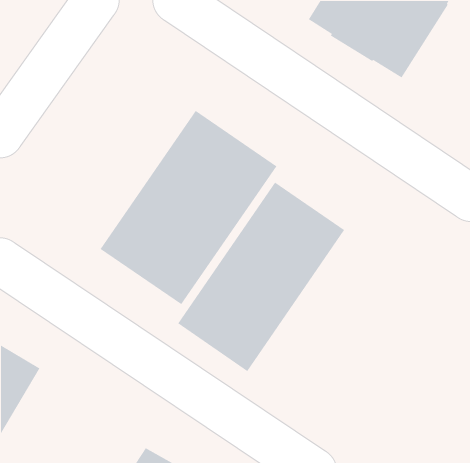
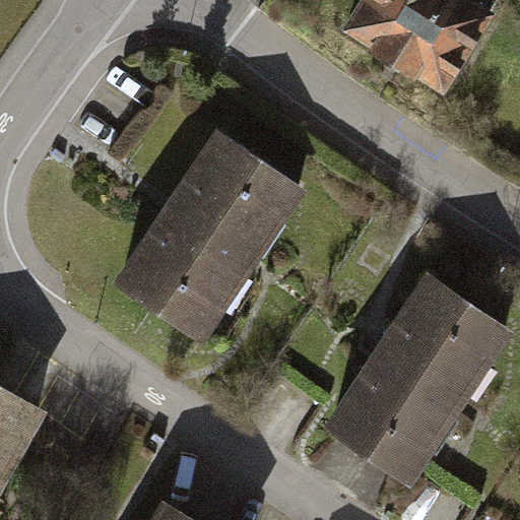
building: [177,181,345,372] -> none
building: none -> [322,273,514,485]

